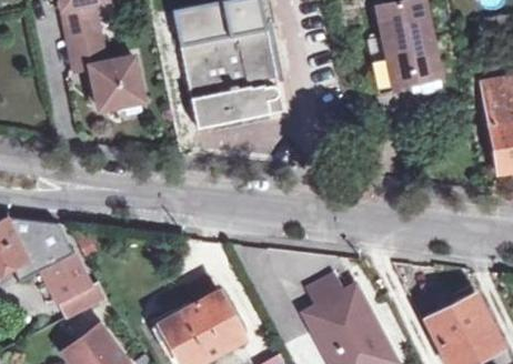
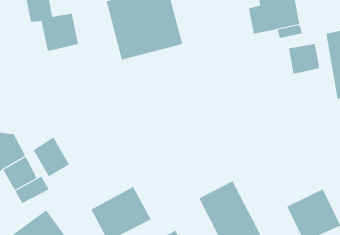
building: none -> [289,43,320,74]
building: none -> [33,136,70,177]

